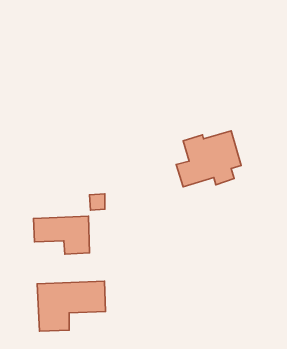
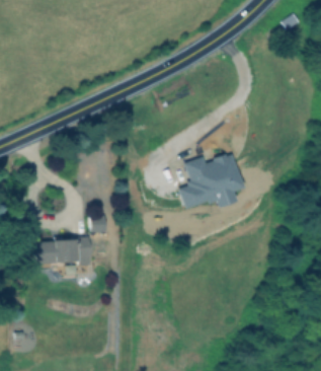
building: [37,281,105,331] -> none

